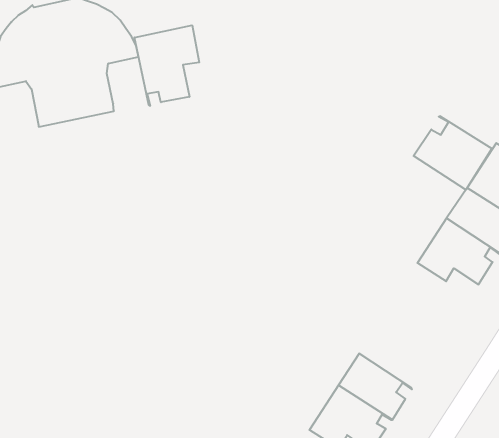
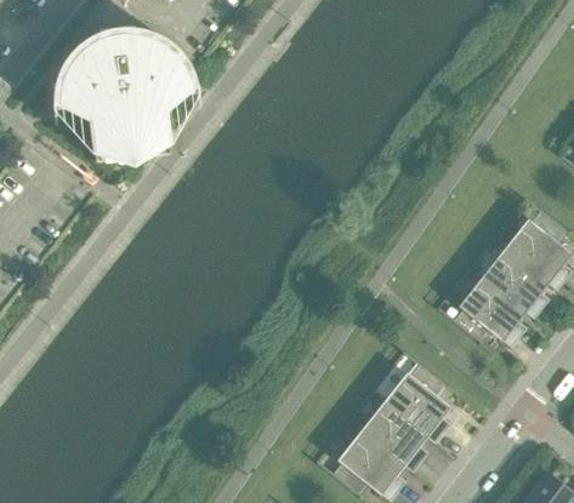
building: [134,25,199,106] -> none
building: [414,116,492,190] -> none
building: none -> [385,361,449,441]

